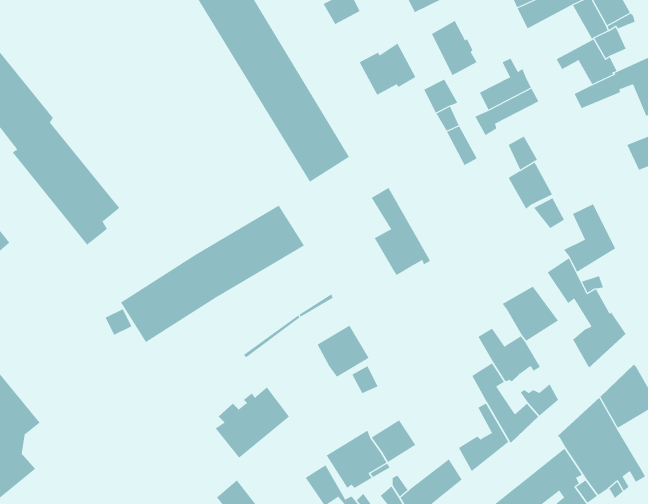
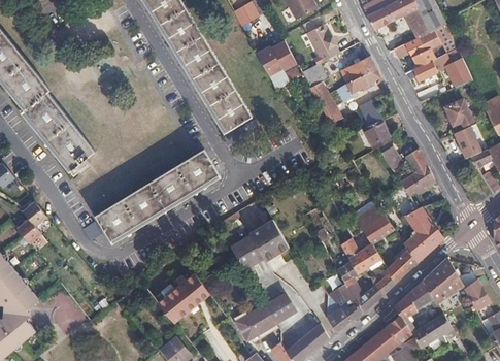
building: [371,187,431,276] -> [249,197,291,258]
building: none -> [19,198,52,242]
building: none -> [387,248,416,284]

